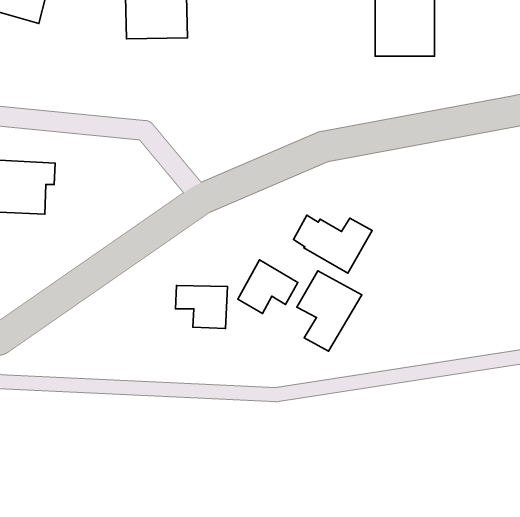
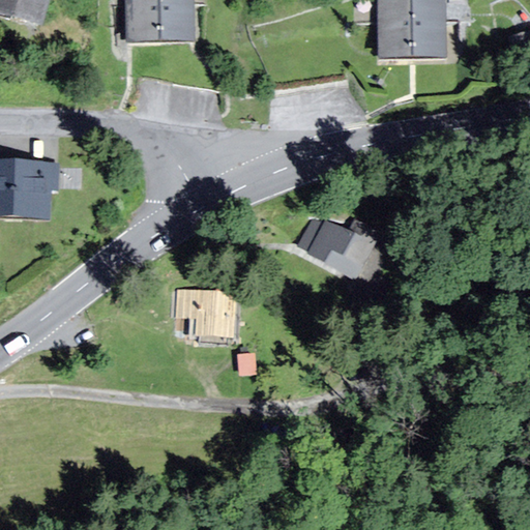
building: [238,260,298,313] -> none
building: [297,271,362,351] -> none

